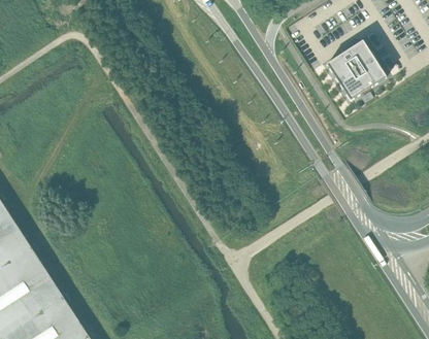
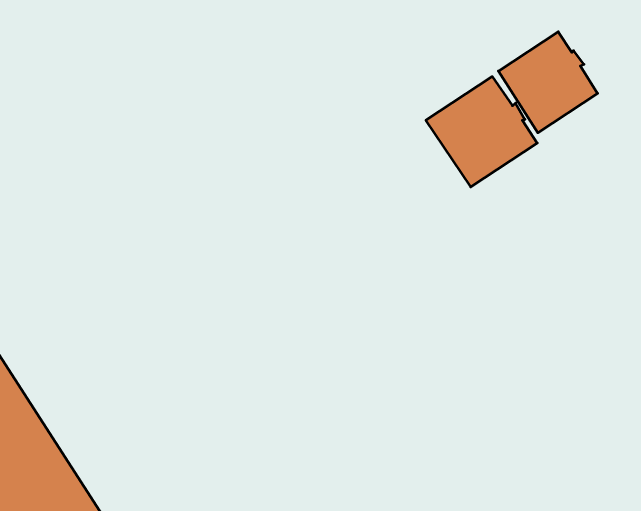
building: none -> [426,77,537,187]

